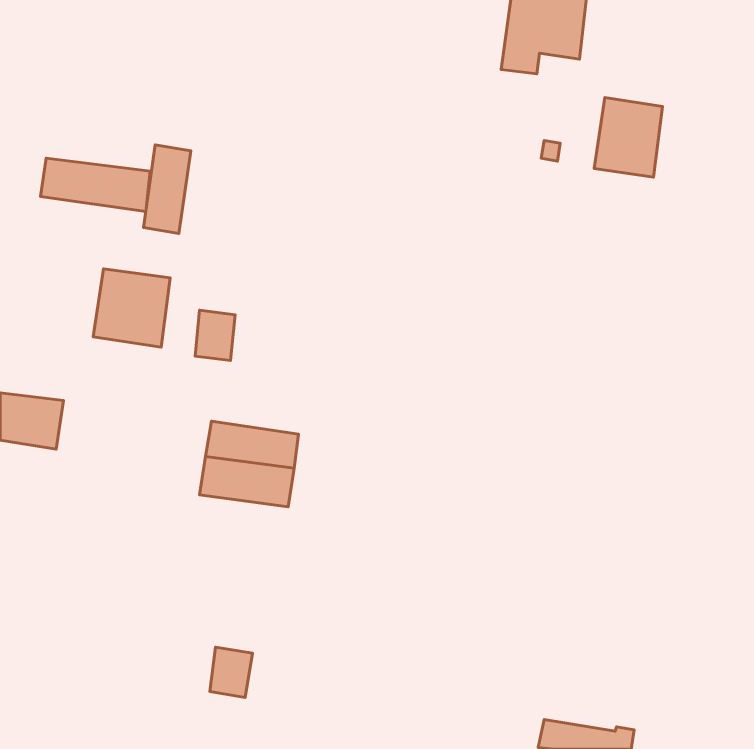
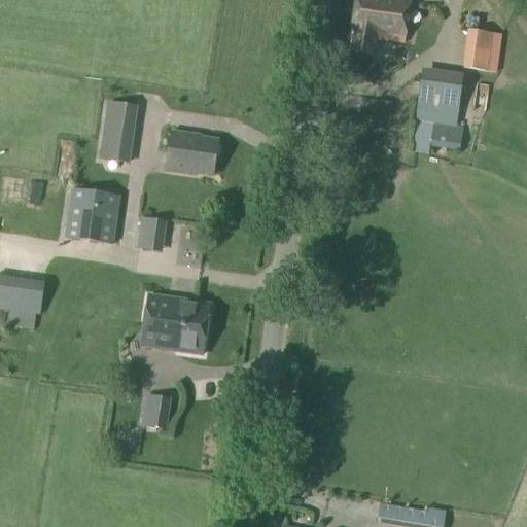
building: none -> [462,28,492,69]
building: [41,158,150,212] -> none
building: none -> [430,122,461,147]
building: none -> [166,131,221,173]
building: [210,647,253,698] -> [141,393,171,428]

